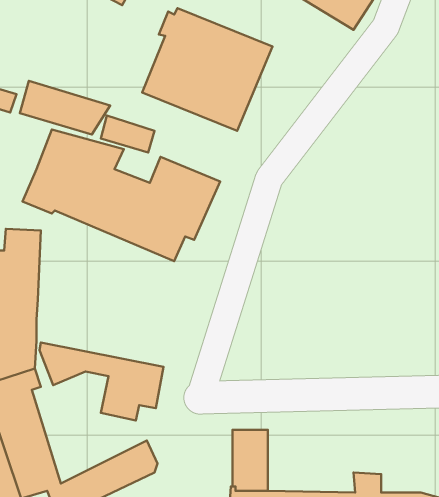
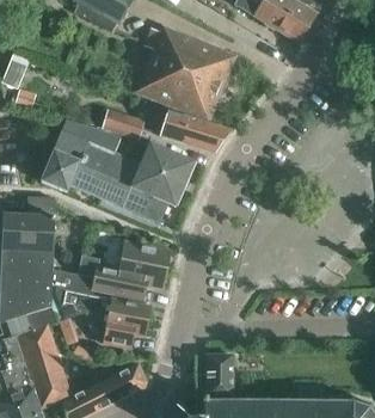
building: [20,81,110,135] -> [159,110,229,152]
building: none -> [51,245,168,299]

